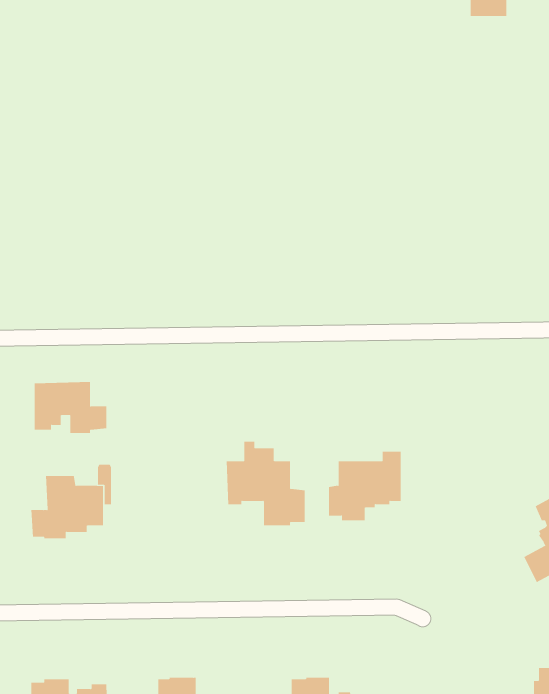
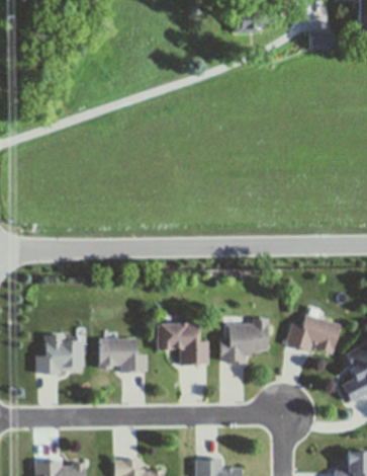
building: [34,381,107,434] -> [100,339,146,372]
building: none -> [286,313,341,352]

